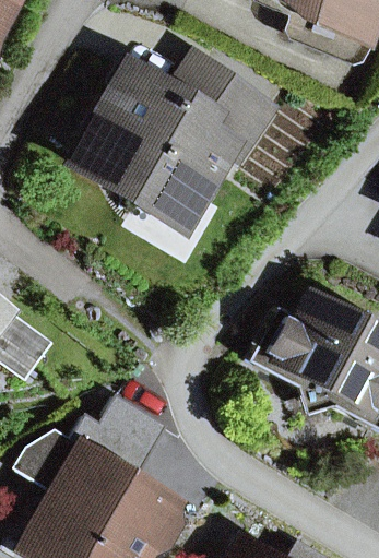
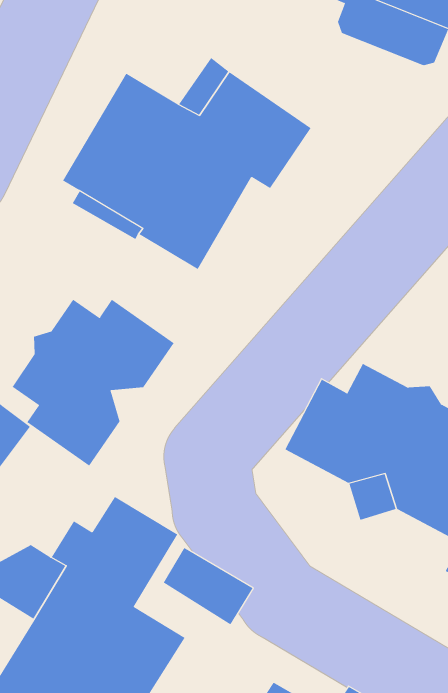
building: none -> [12,299,175,467]

